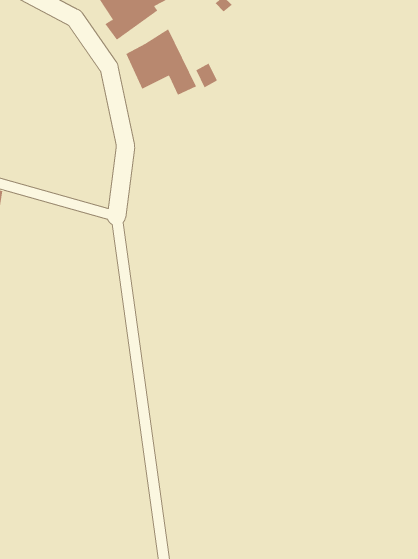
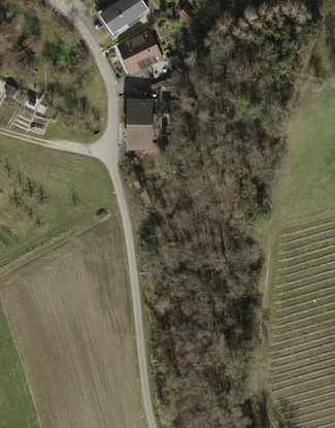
building: none -> [128,101,150,154]

